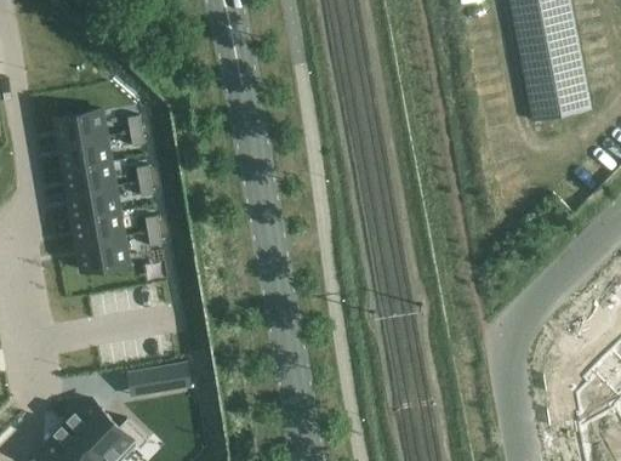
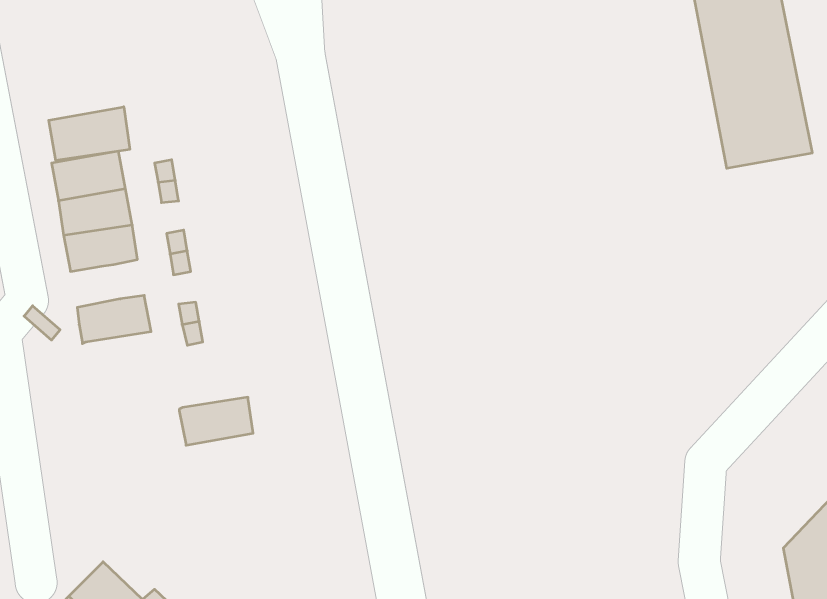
building: none -> [49,107,130,160]
building: [69,187,121,221] -> none
building: [78,238,130,272] -> [179,397,253,445]

